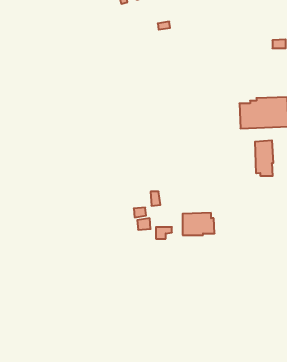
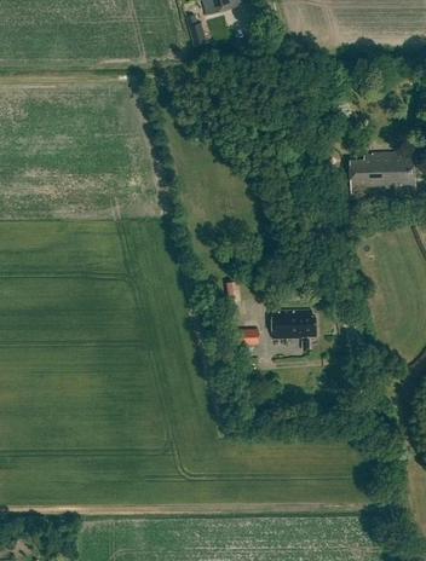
building: [255,140,273,176] -> none

